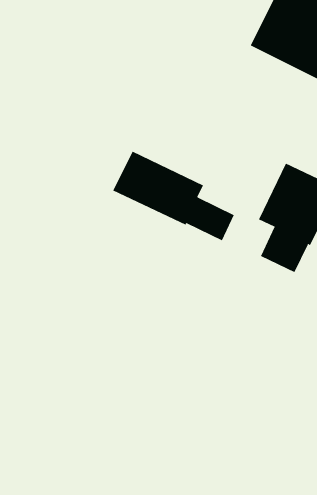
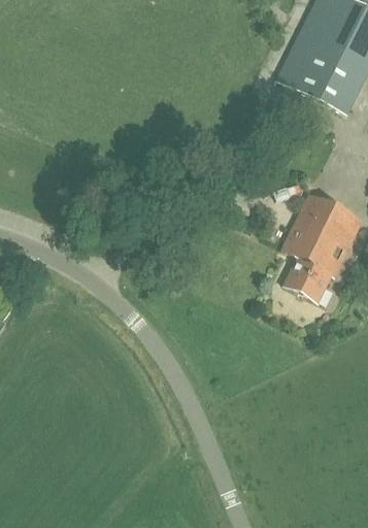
building: [113,151,235,241] -> none

